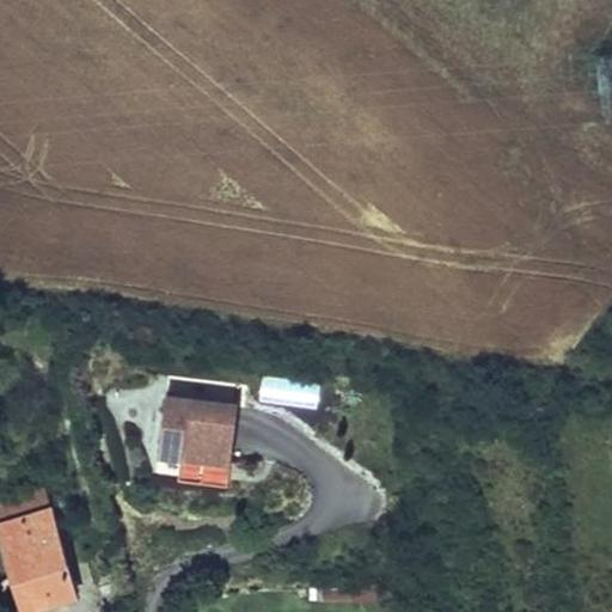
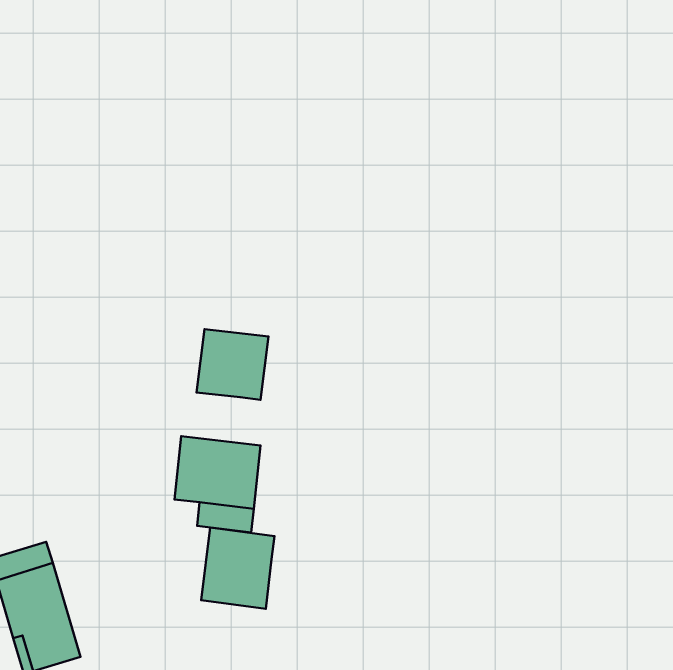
building: none -> [197,329,269,400]
building: none -> [201,528,275,609]

